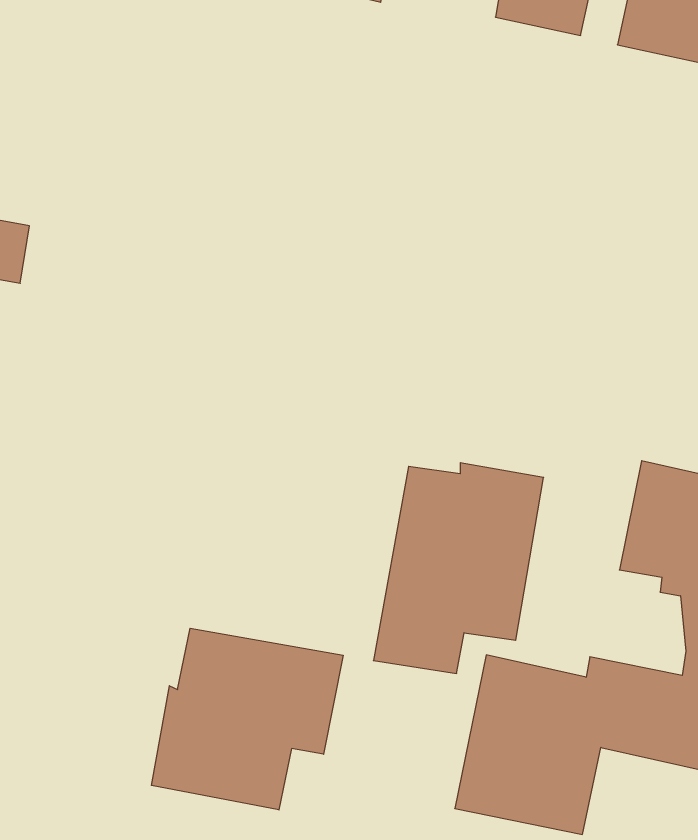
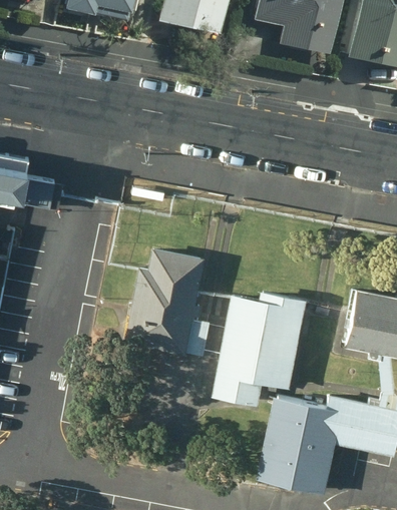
building: none -> [125,246,211,354]
building: [151,628,343,810] -> none

